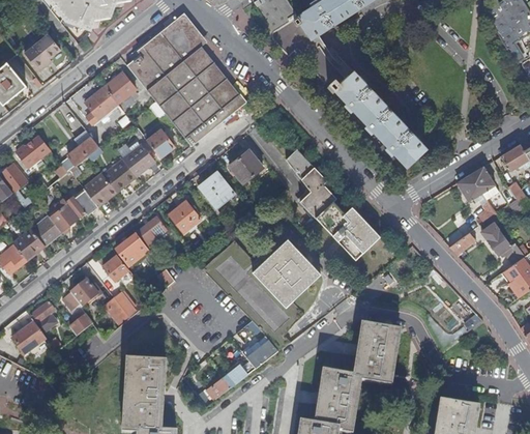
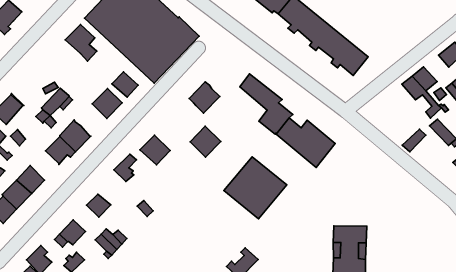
building: [85,86,118,123] -> none
building: [102,158,137,193] -> none
building: [200,175,233,208] -> [190,126,221,157]
building: [47,199,79,235] -> none
building: [115,233,148,265] -> none

